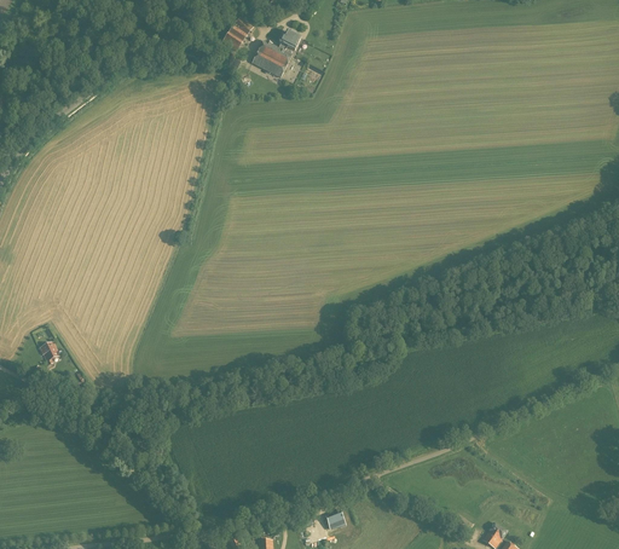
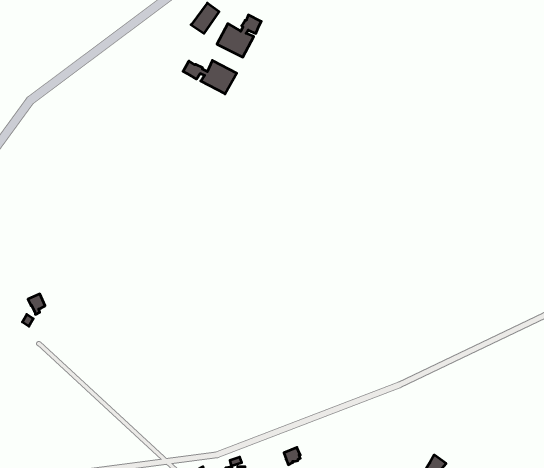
building: none -> [183,60,237,94]

